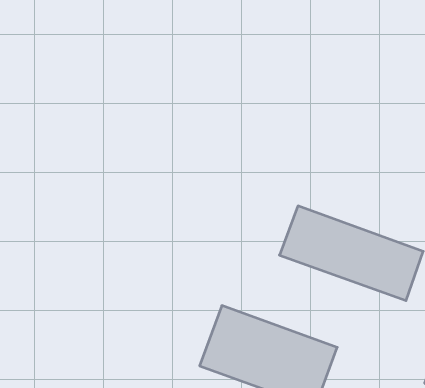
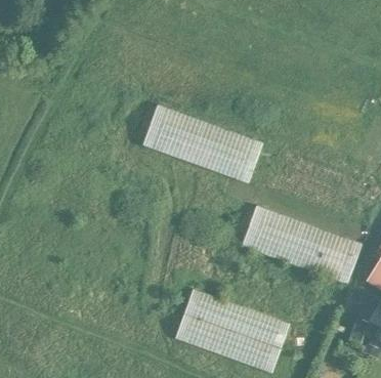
building: none -> [143,103,263,183]

